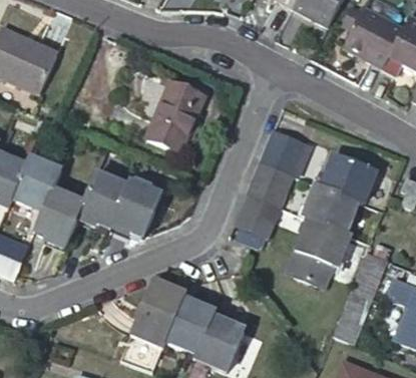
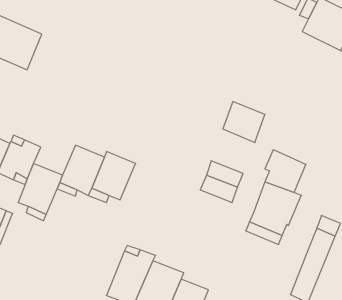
building: [150,79,212,149] -> none
building: [315,147,365,196] -> none
building: [244,154,292,204] -> none

